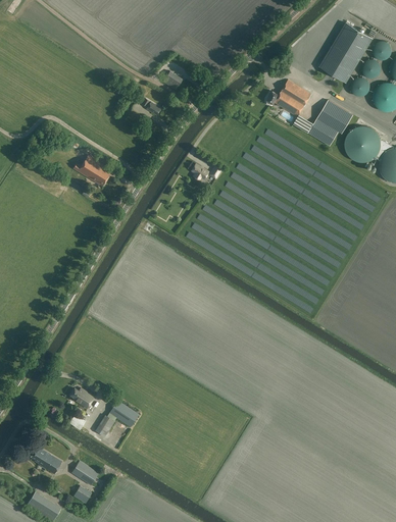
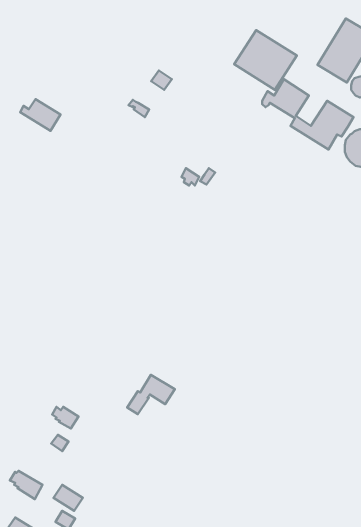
building: none -> [234,30,297,90]
building: [73,156,111,186] -> [20,99,60,131]
building: [95,400,140,436] -> [127,375,175,414]

